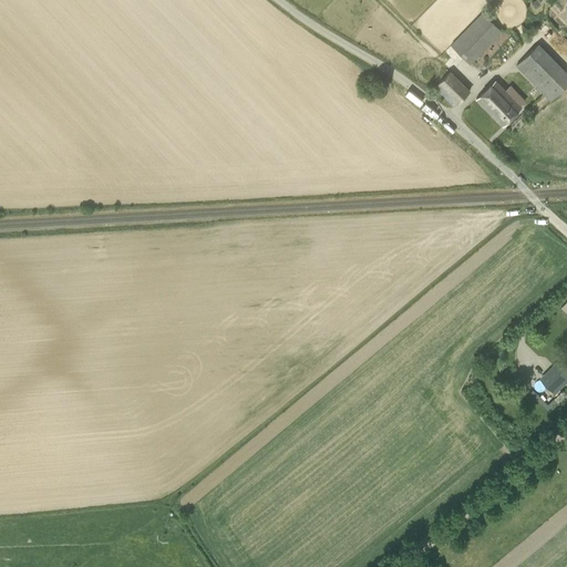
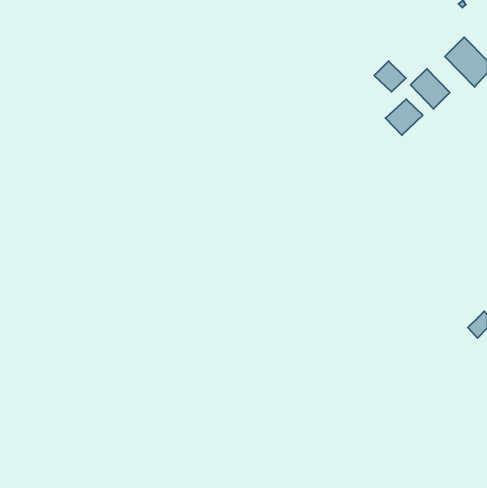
building: [452,12,504,64] -> none
building: none -> [385,99,423,135]

